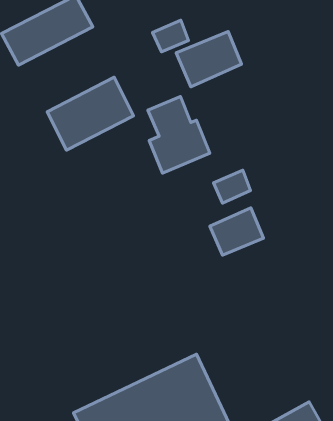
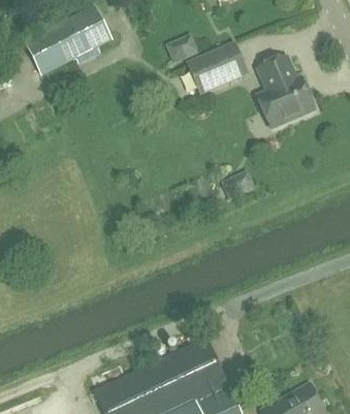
building: [47,77,133,150] -> none
building: [148,97,210,173] -> [256,56,313,126]
building: [210,208,264,255] -> none

